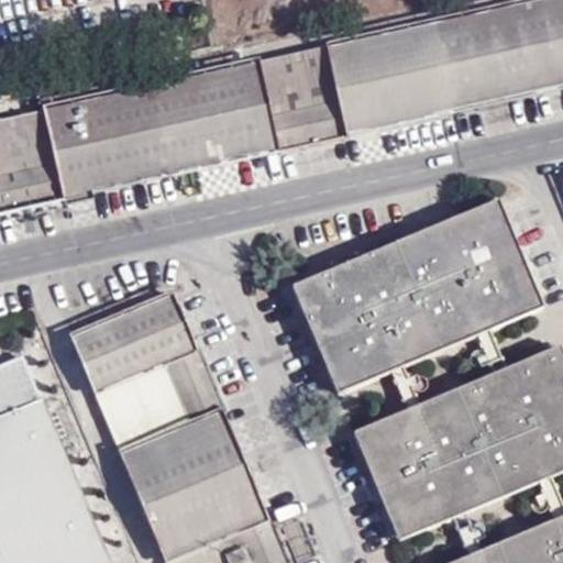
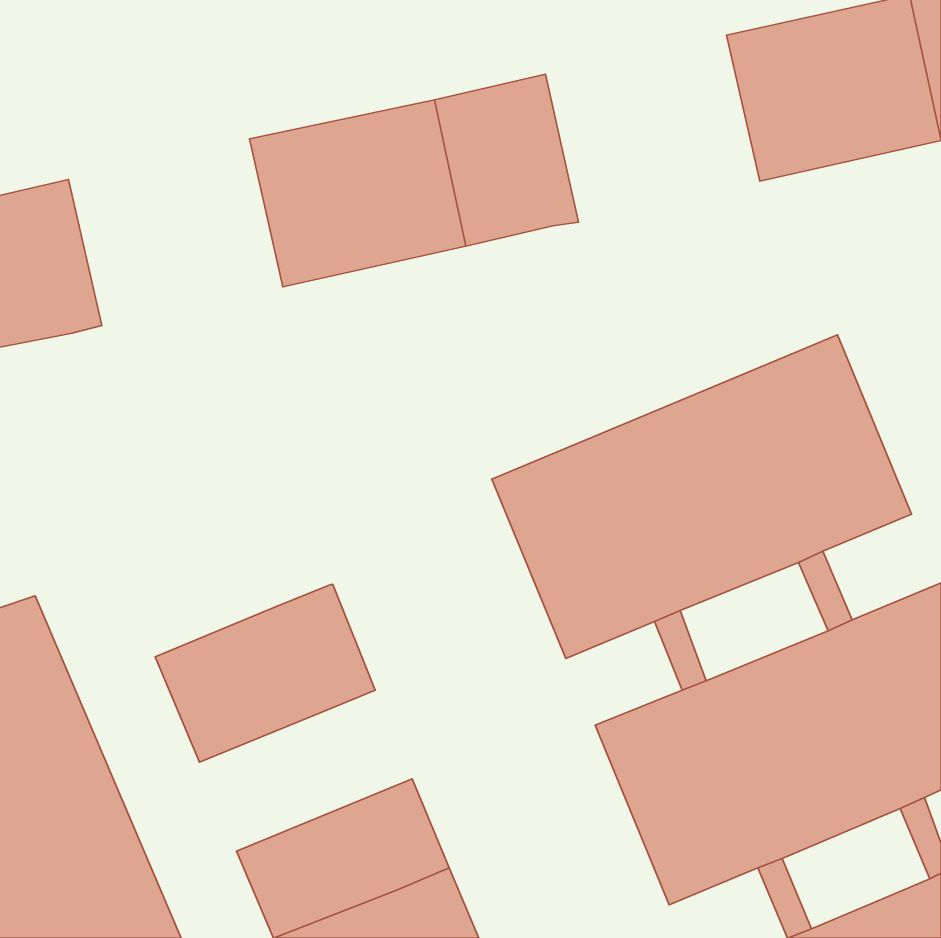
building: [324,21,452,132] -> none
building: [41,82,168,194] -> none
building: [69,291,197,390] -> none
building: [119,410,245,506] -> none

